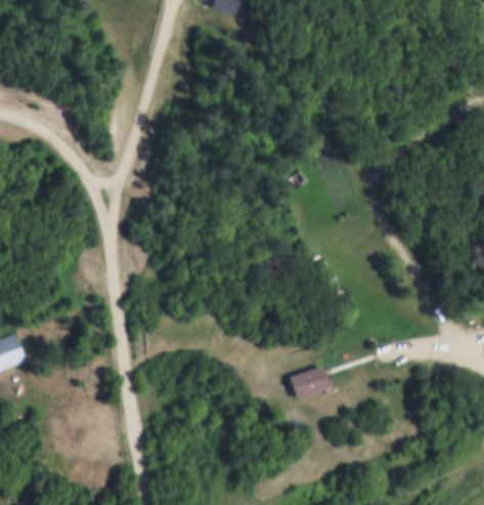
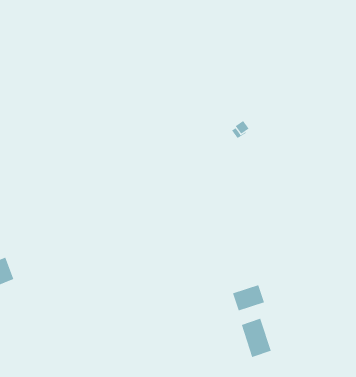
building: none -> [241,318,271,358]

